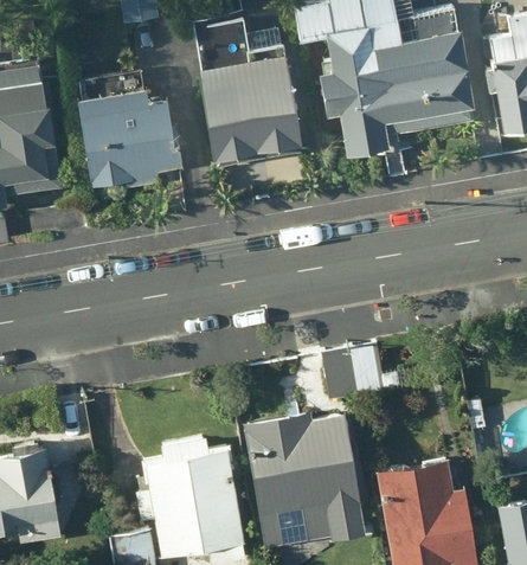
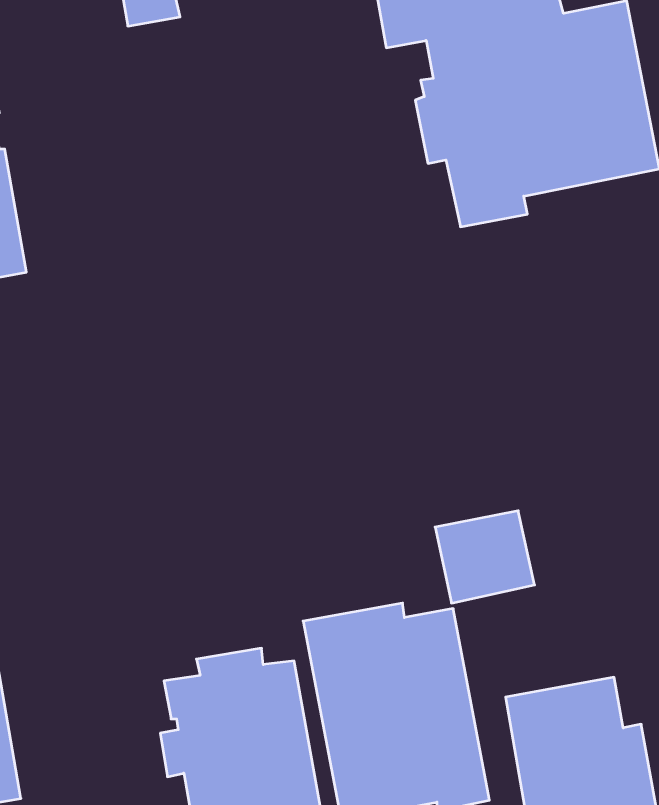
building: [195,21,302,169] -> none
building: [77,71,185,191] -> none

